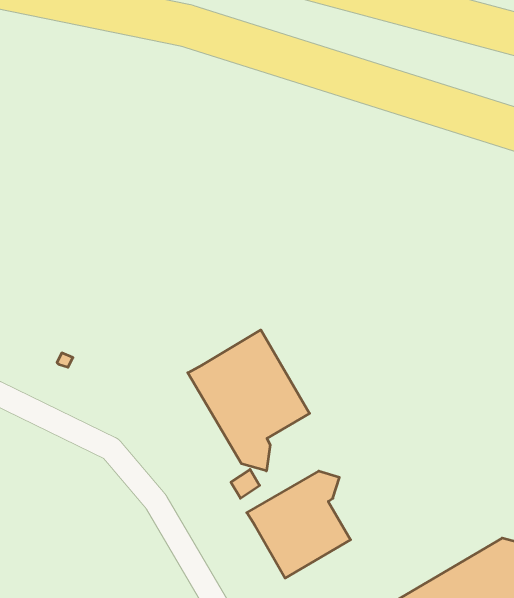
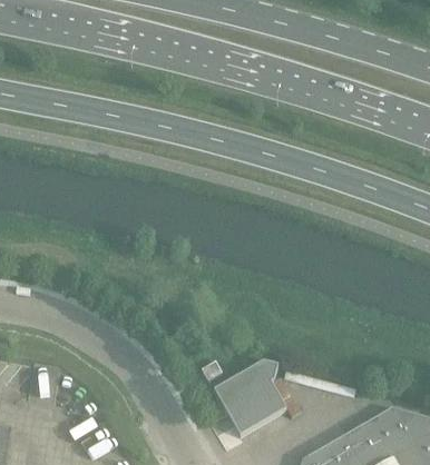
building: [188,330,310,471] -> none

